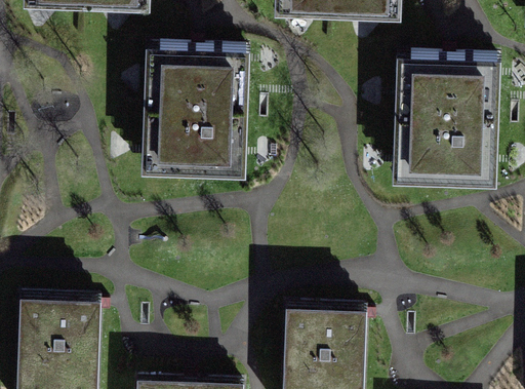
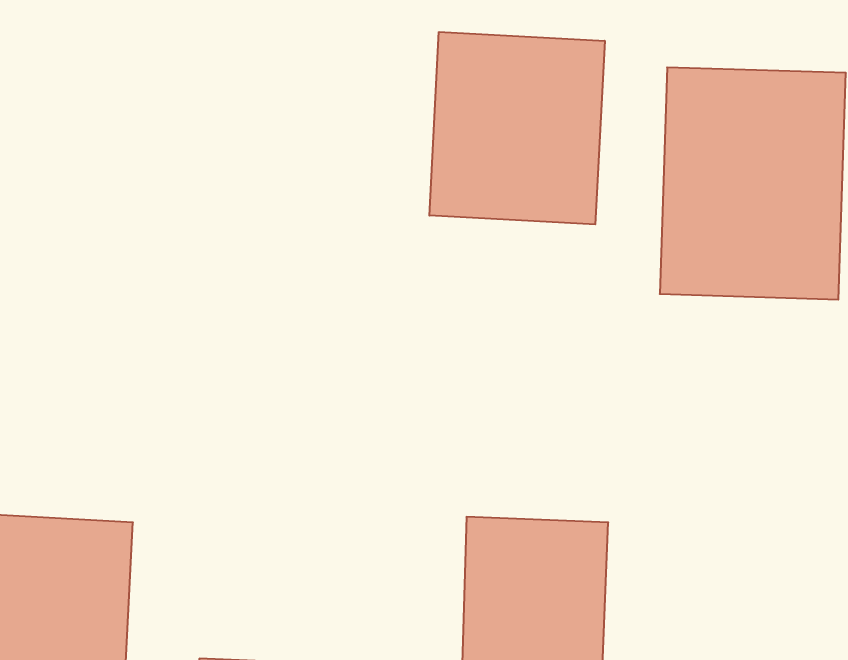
building: none -> [429,32,605,224]
building: [142,44,243,169] -> none

